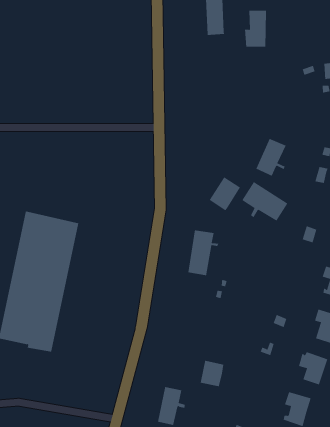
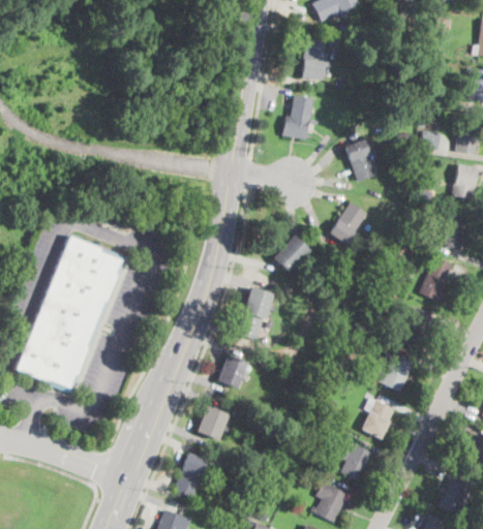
building: [244,10,267,47] -> [284,95,314,138]
building: none -> [345,138,379,181]
building: [241,181,288,222] -> none
building: none -> [218,355,250,387]
building: [200,360,224,387] -> [199,406,229,438]

